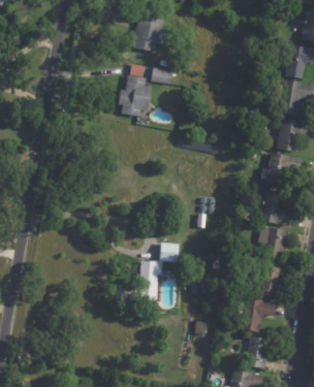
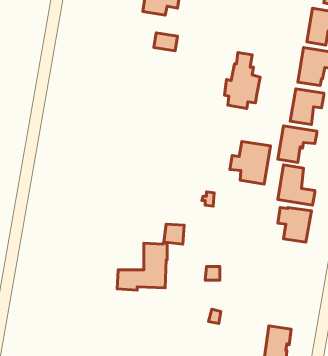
building: [115,64,148,116] -> [224,53,260,109]
building: none -> [230,141,270,184]
building: [259,266,283,297] -> none
building: [241,297,280,333] -> none

